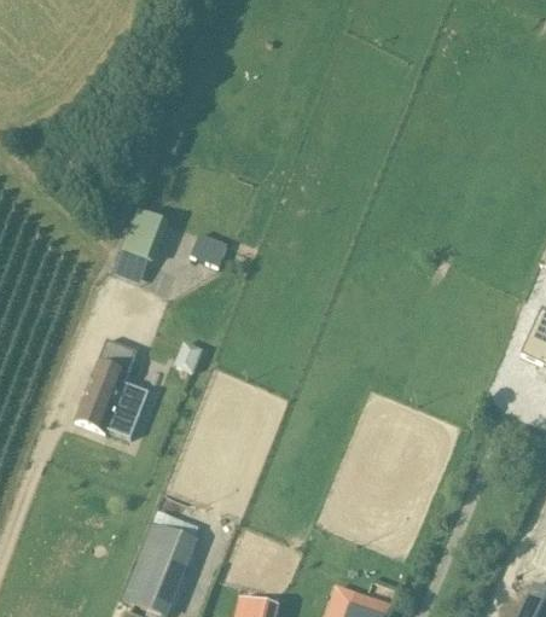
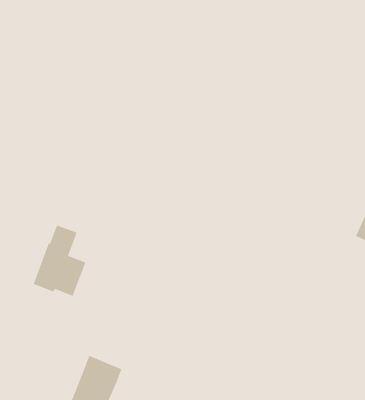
building: [123,209,172,262] -> none
building: [191,232,228,266] -> none

